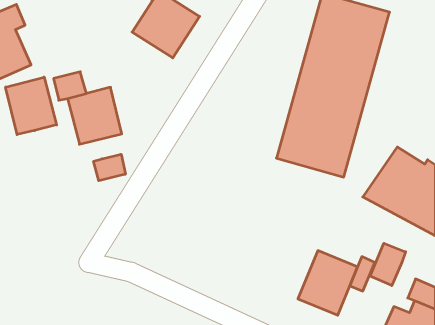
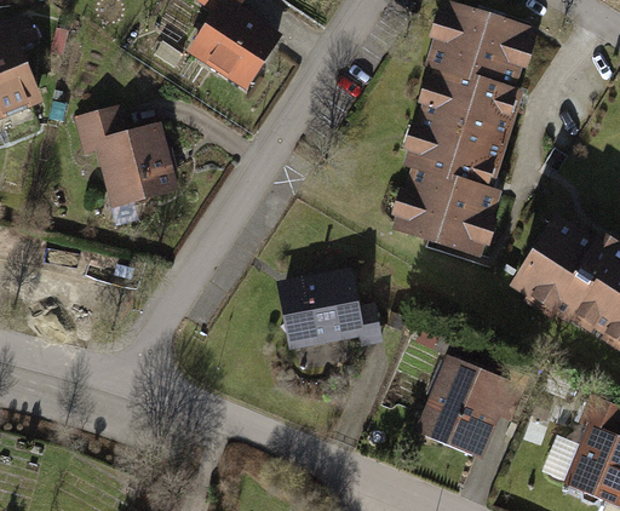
building: [6,77,57,135] -> none
building: [94,154,125,181] -> none
building: none -> [281,270,378,345]
building: [370,243,406,286] -> none

